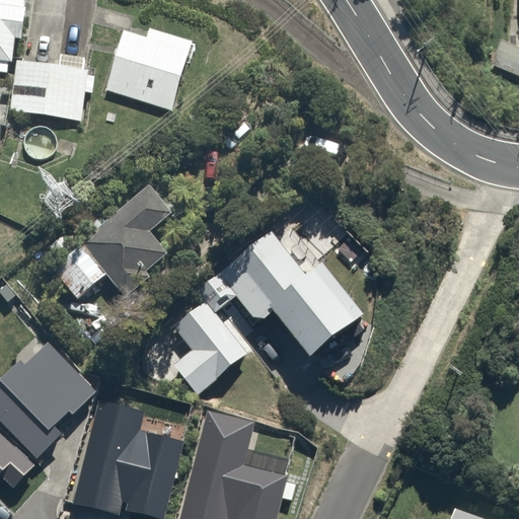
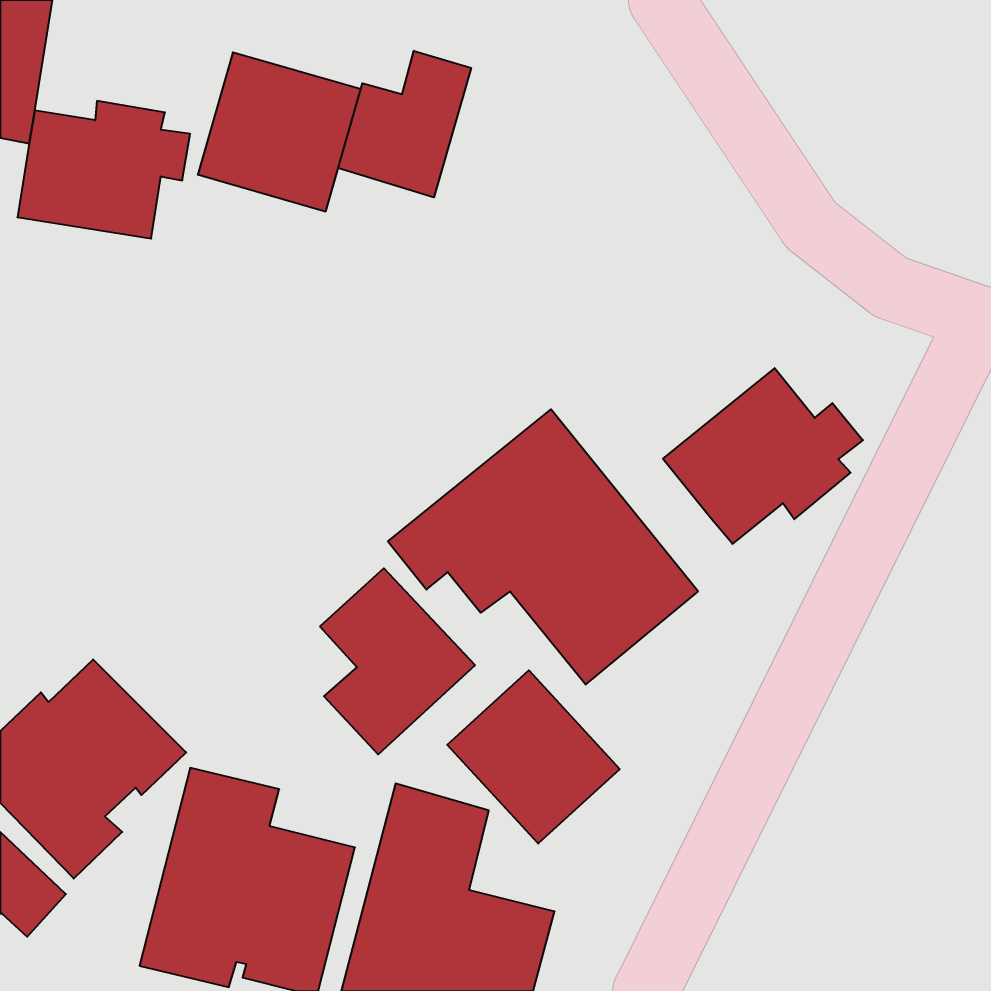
building: none -> [338,51,471,197]
building: [49,178,174,297] -> none
building: none -> [663,368,863,544]
building: none -> [447,670,620,844]

